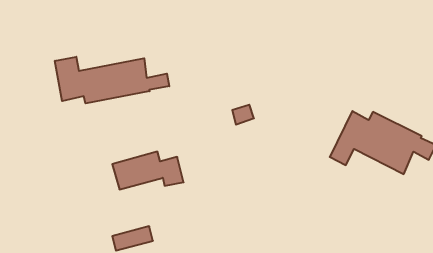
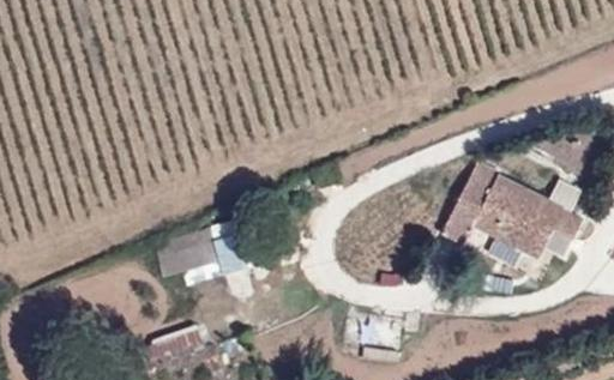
building: [55,57,169,103] -> none

